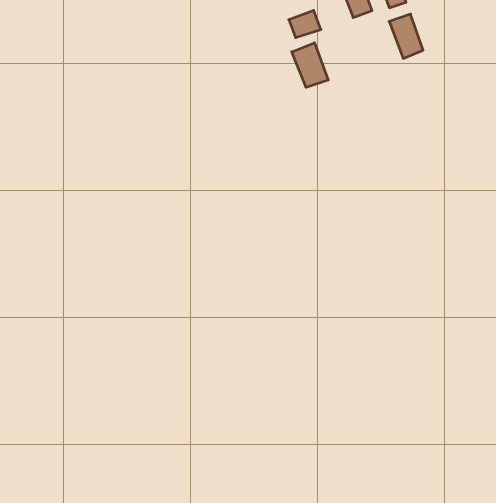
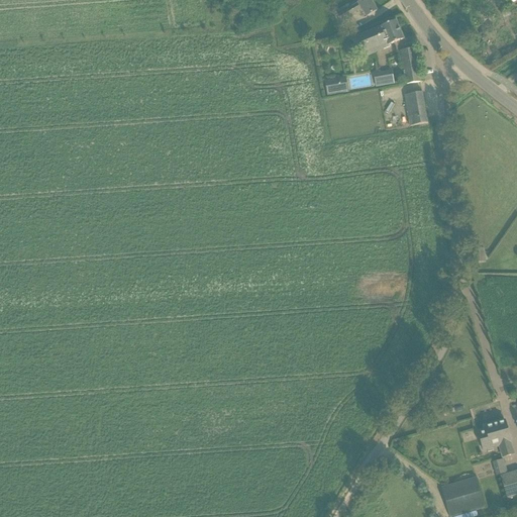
building: [292,43,328,87] -> none

